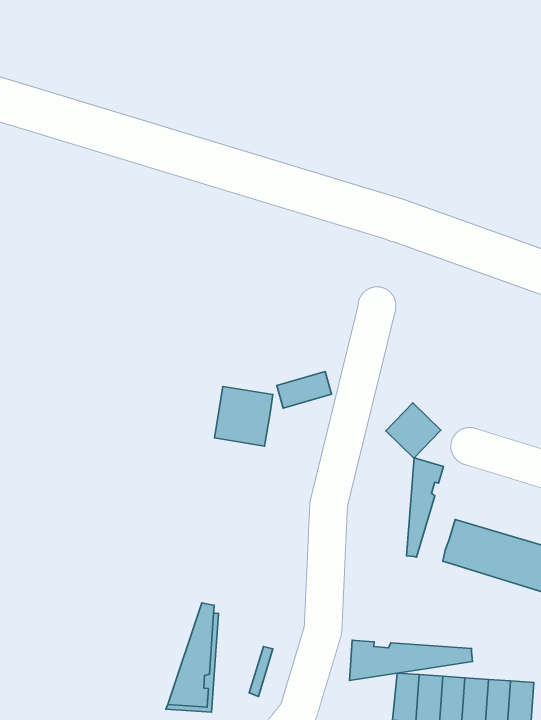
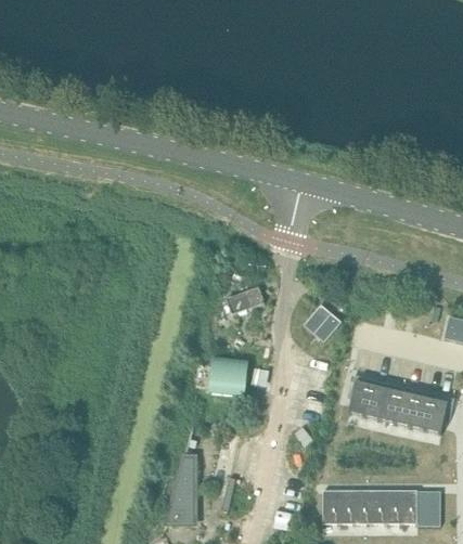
building: [215,386,273,446] -> [210,355,248,394]
building: [407,458,443,557] -> none
building: [349,640,473,680] -> none

